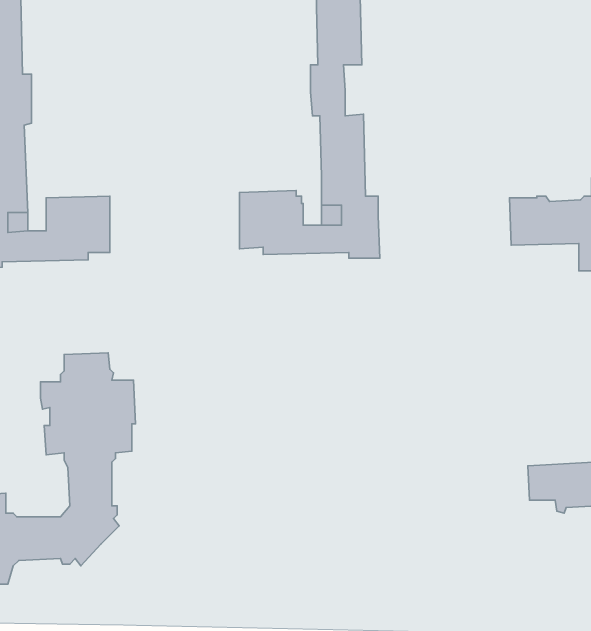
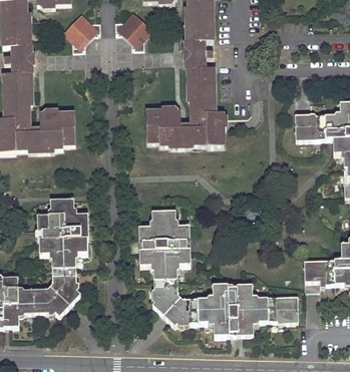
building: none -> [114,15,149,49]
building: none -> [65,16,99,51]
building: none -> [138,212,298,337]

